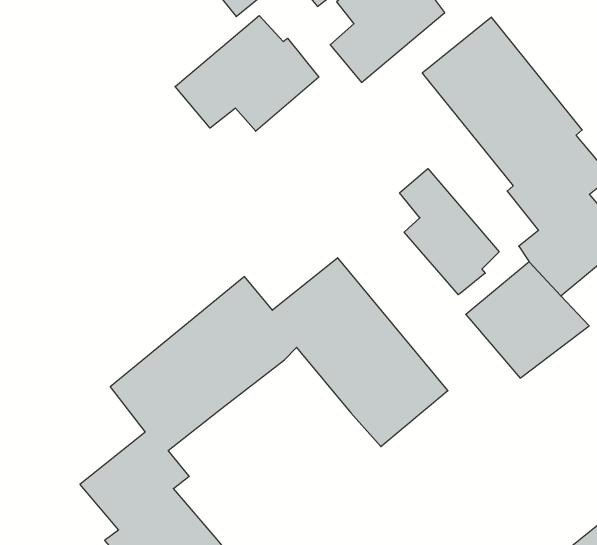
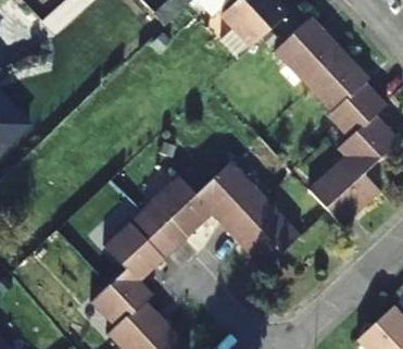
building: [175,16,319,131] -> none
building: [400,169,499,295] -> none

